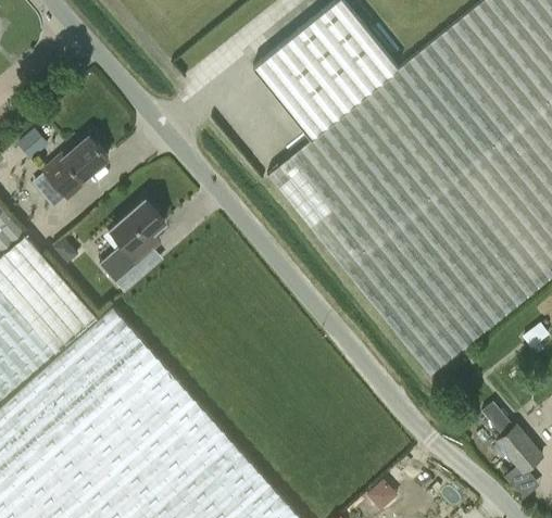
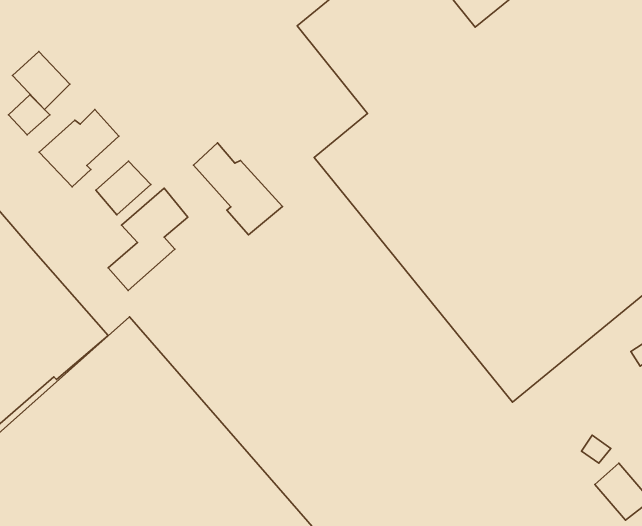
building: none -> [12,51,70,110]
building: none -> [193,143,282,235]
building: none -> [96,161,151,215]

